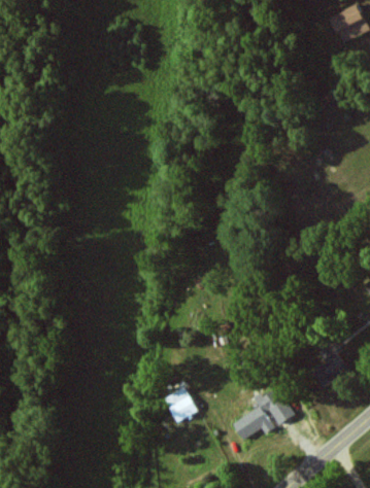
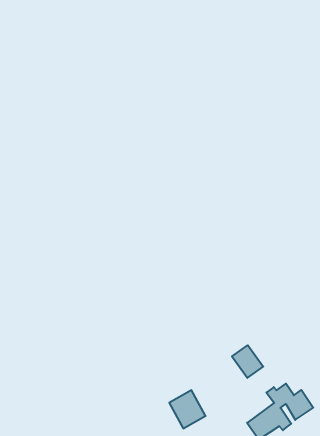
building: none -> [232,345,263,378]

